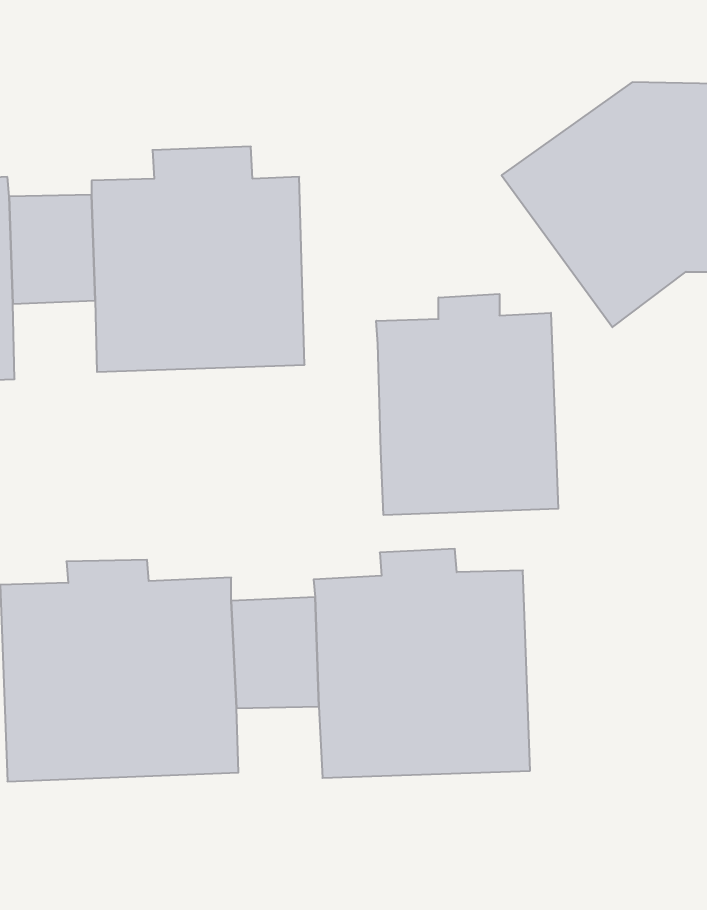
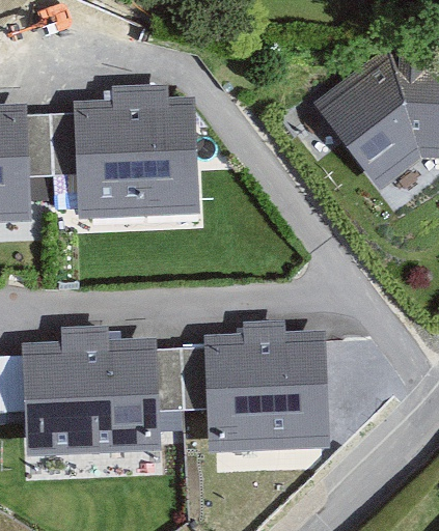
building: [376,294,558,515] -> none

